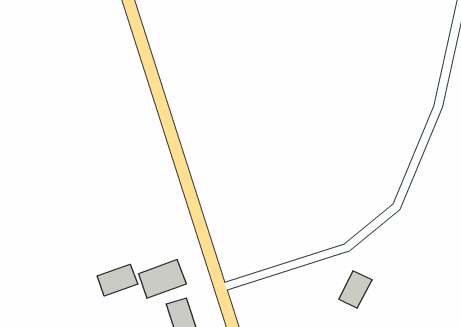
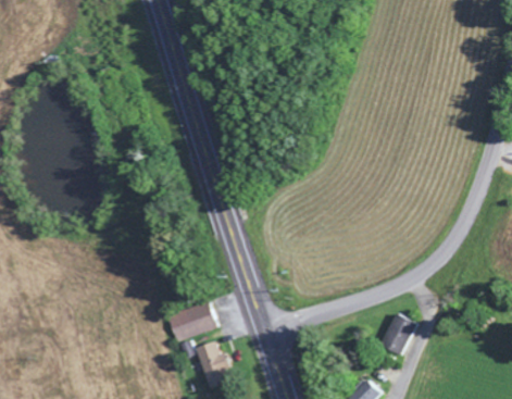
building: [97,264,138,296] -> none

